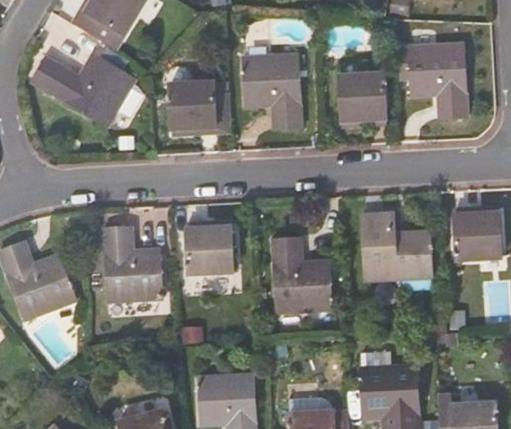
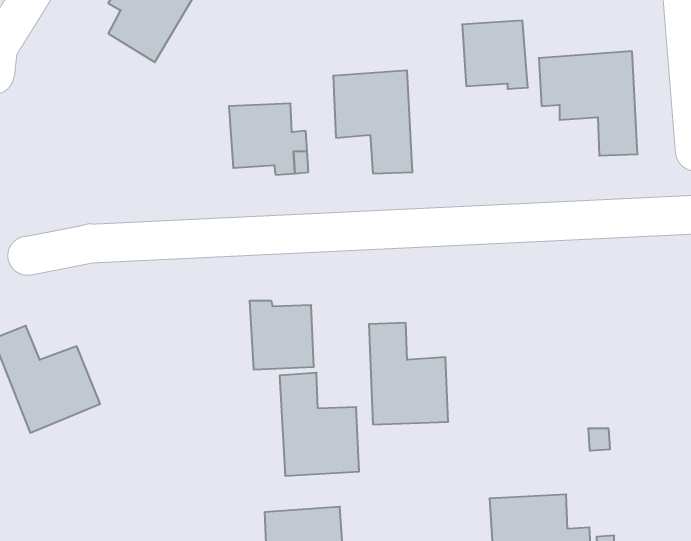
building: [30,53,135,125] -> none
building: [340,75,388,125] -> [462,20,528,89]
building: [454,209,501,260] -> none
building: [361,214,431,280] -> none
building: [103,229,161,304] -> [280,373,359,476]

